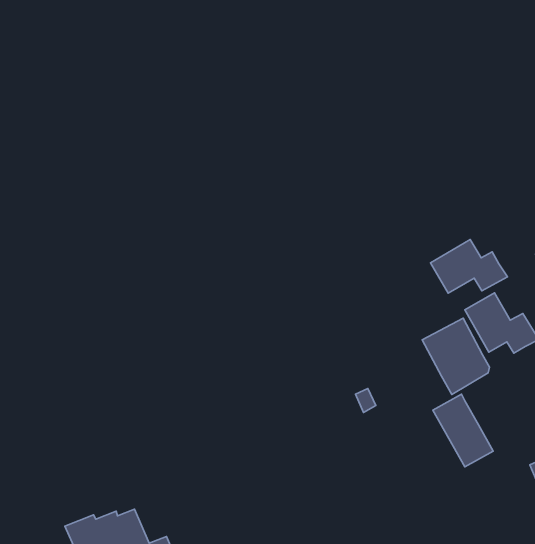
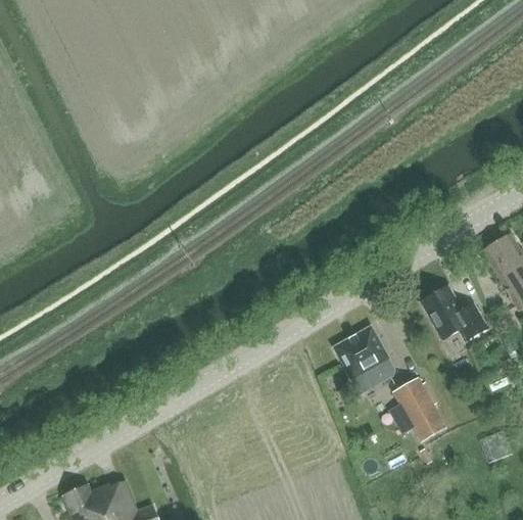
building: [431,239,507,293] -> none
building: [422,318,489,394] -> [334,326,394,394]

